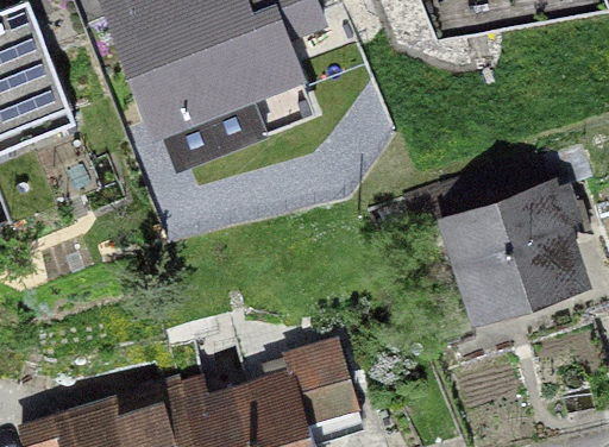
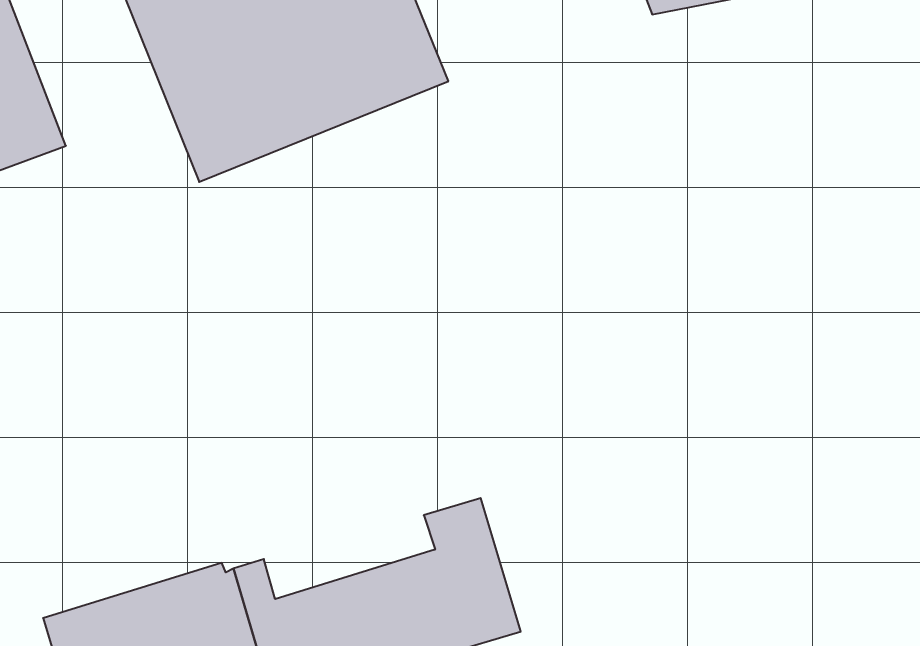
building: [435,157,570,314] -> none

